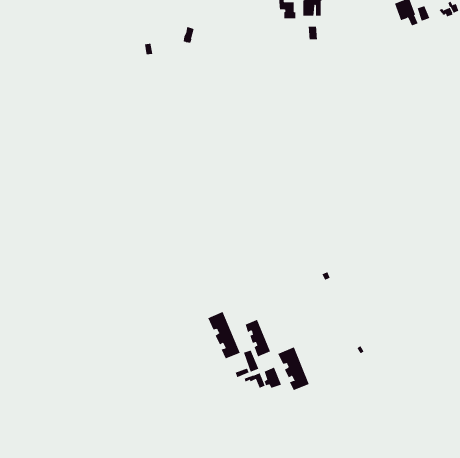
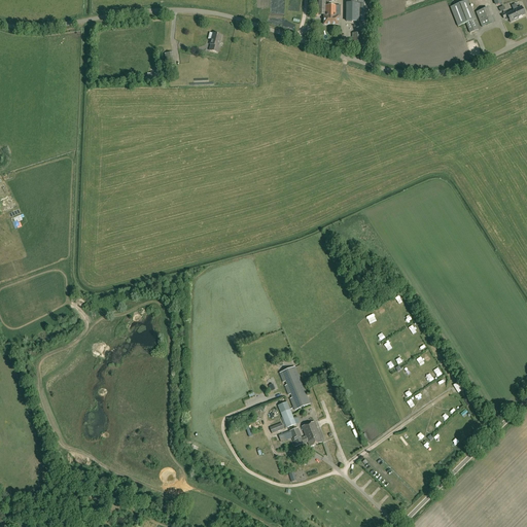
building: [207,311,240,359] -> none
building: [278,346,309,391] -> none

